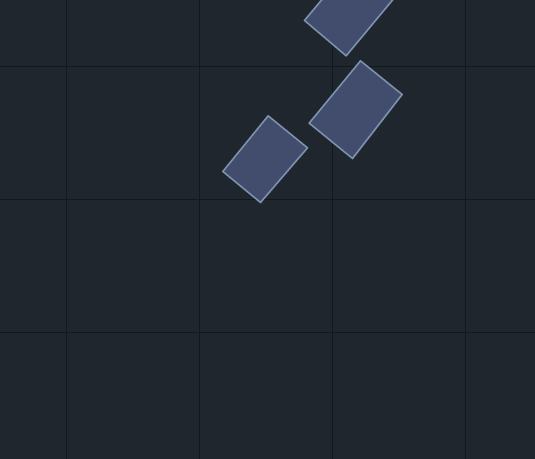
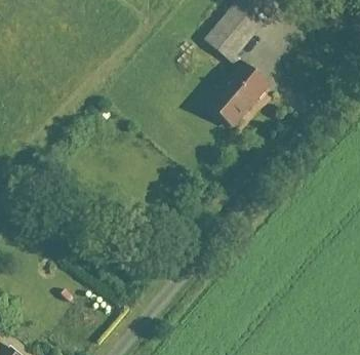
building: [223,116,307,203] -> none

